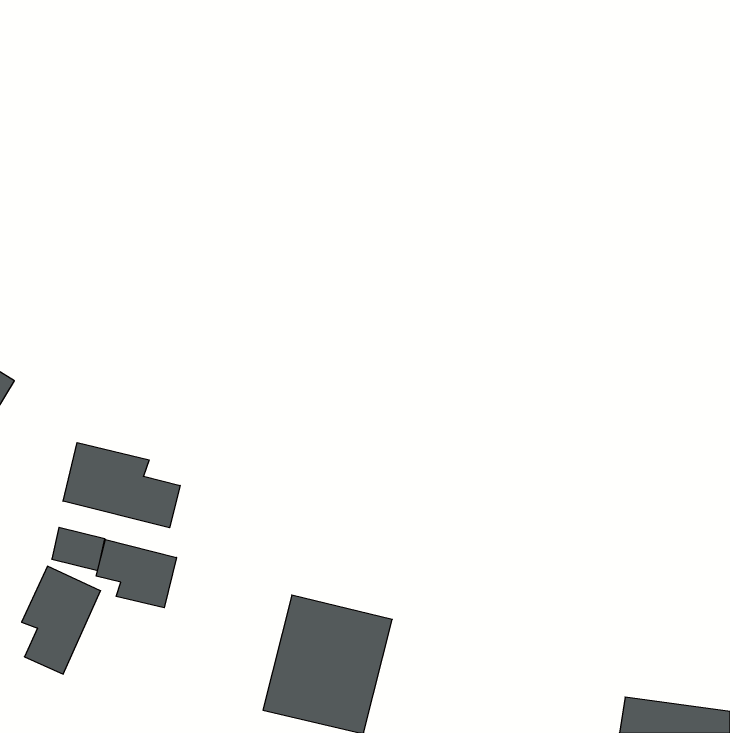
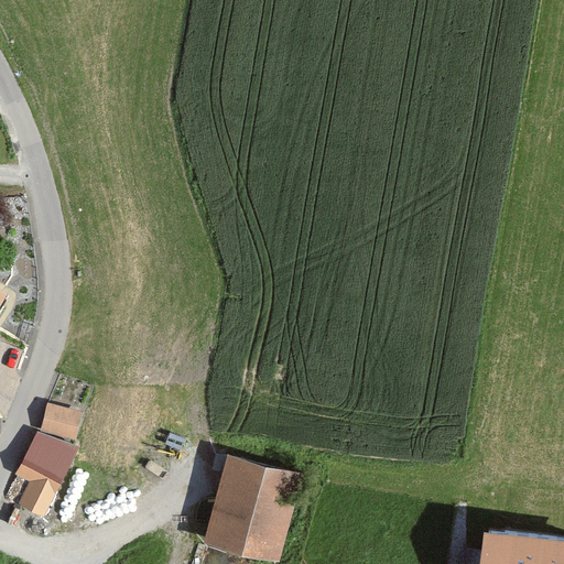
building: [63,443,180,528] -> none
building: [96,540,176,608] -> none

